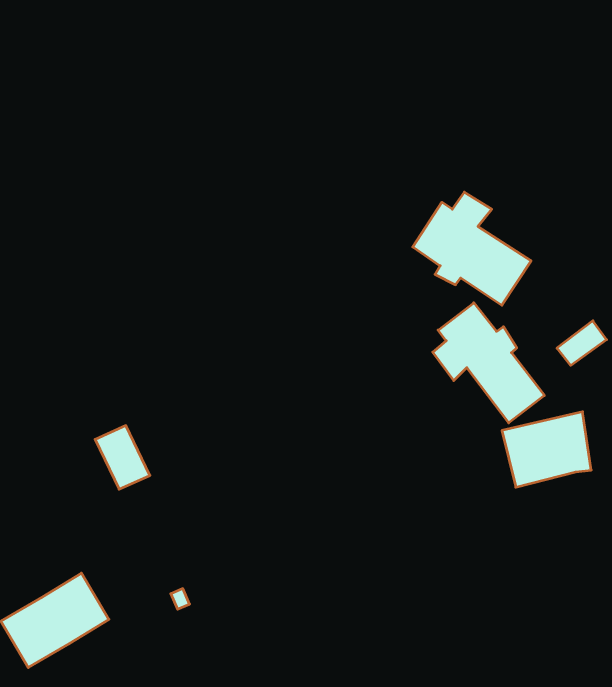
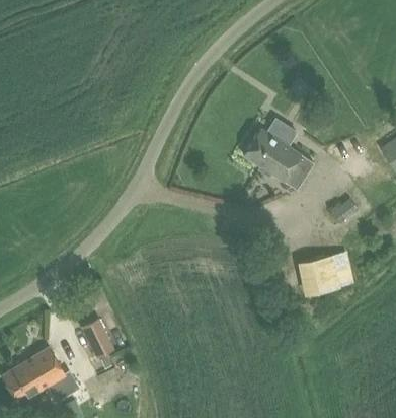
building: [433,303,544,423] -> none
building: [95,426,150,489] -> [83,320,115,357]

